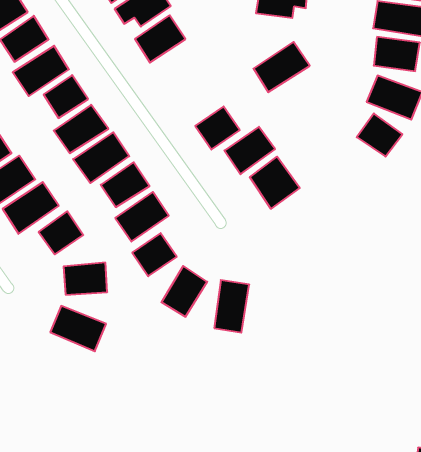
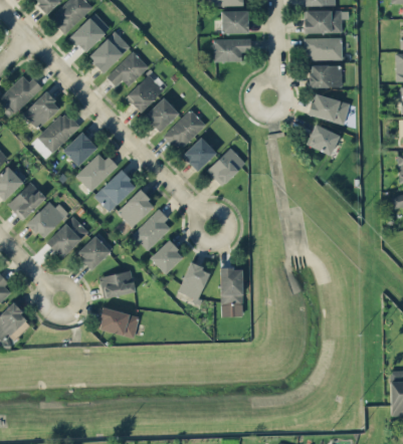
building: [253,42,310,92] -> [164,109,206,151]
building: none -> [145,97,179,132]
building: [250,157,300,209] -> none

